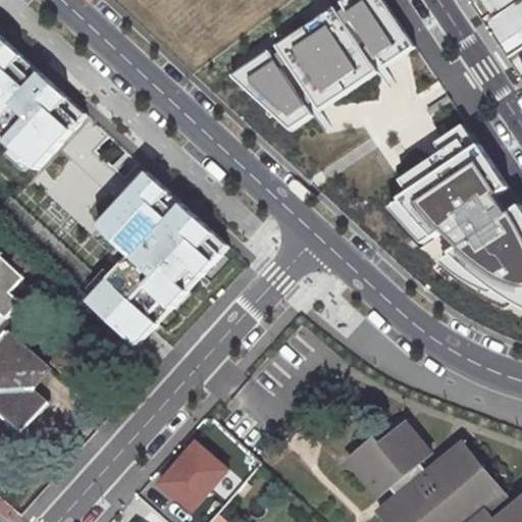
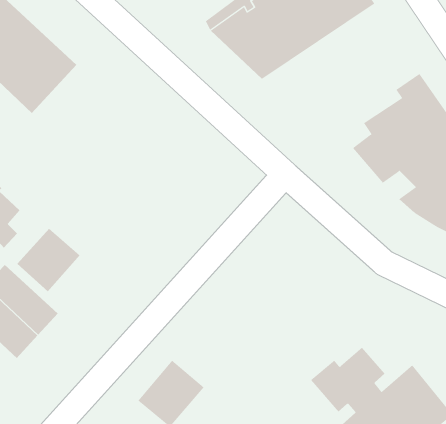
building: [91,171,229,344] -> none
building: none -> [17,228,81,292]

